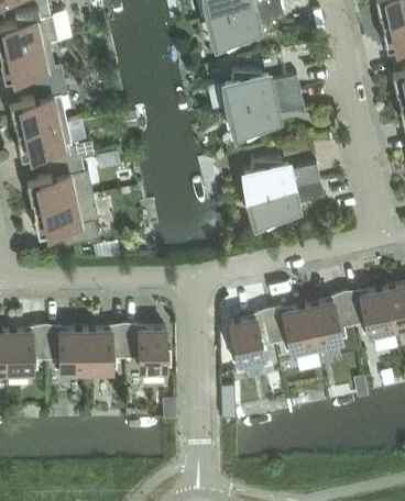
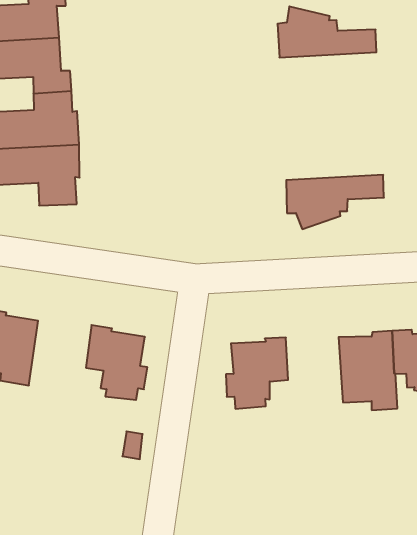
building: [230,92,304,141] -> none
building: [244,159,320,197] -> none
building: [269,305,318,357] -> none
building: [85,326,125,378] -> none

